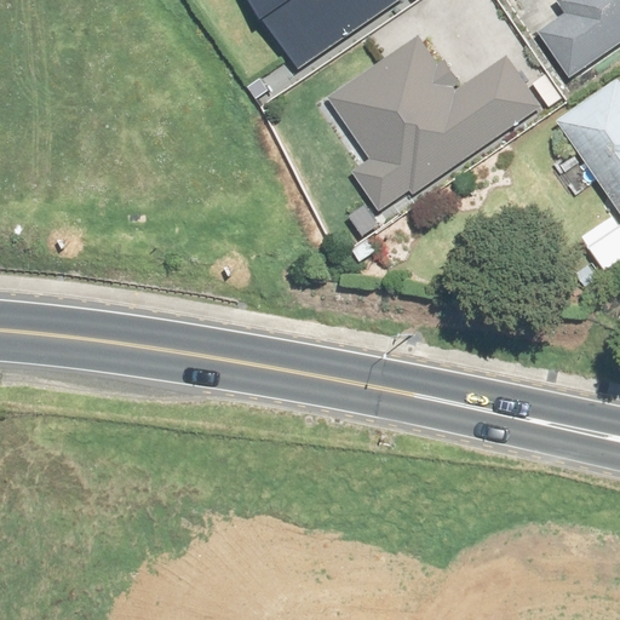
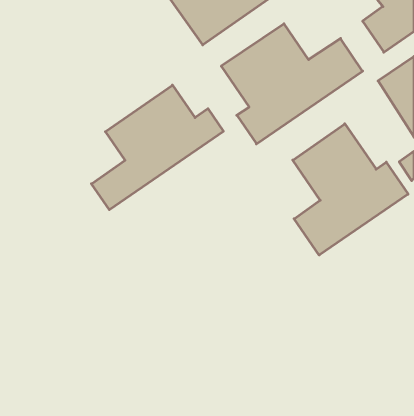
building: none -> [91,85,223,210]
building: none -> [293,124,408,255]

